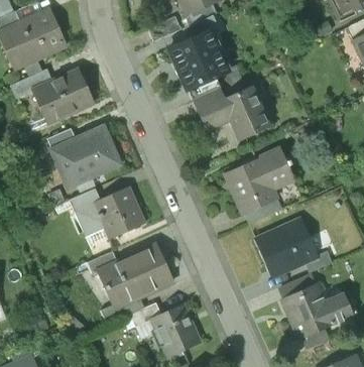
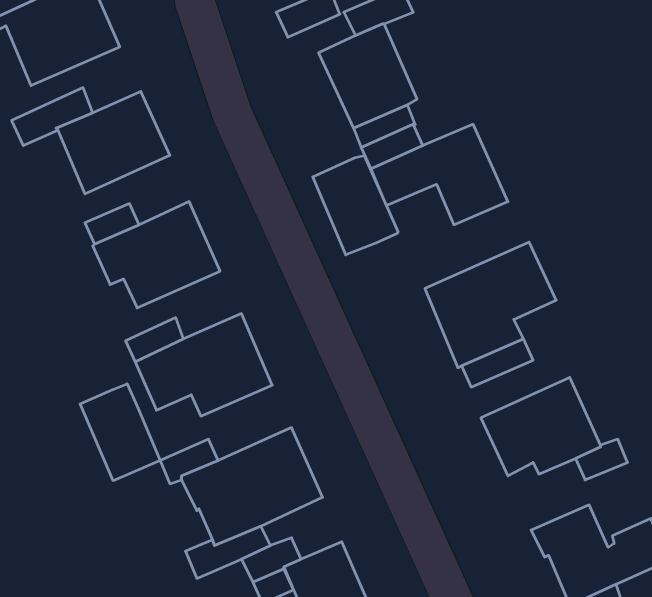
building: none -> [313,155,398,255]
building: none -> [80,384,160,481]

